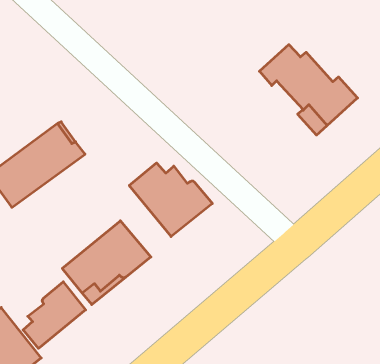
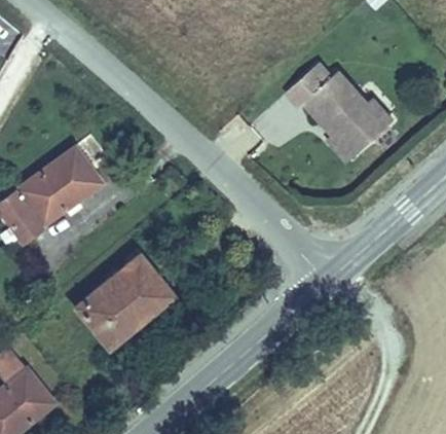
building: [129,163,212,237] -> none
building: [23,282,86,348] -> none

